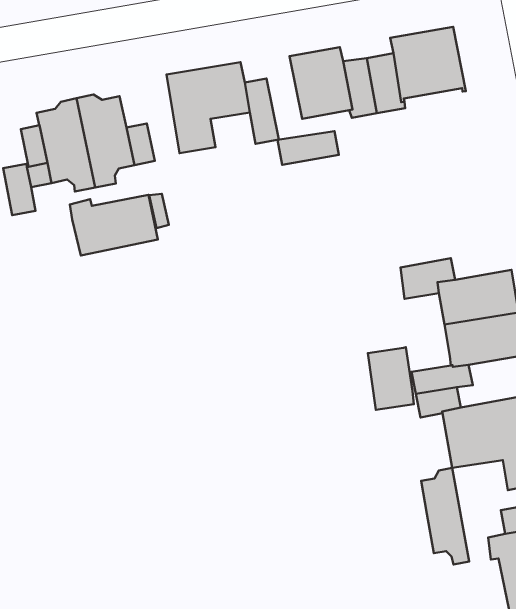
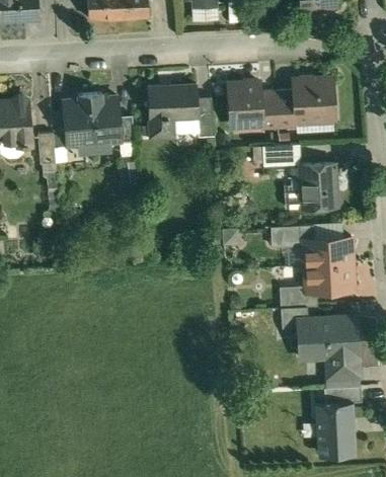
building: [278,131,339,165] -> [262,145,300,162]
building: none -> [296,163,340,209]
building: [70,195,158,256] -> none
building: [368,347,414,410] -> none
building: [421,468,469,564] -> none

